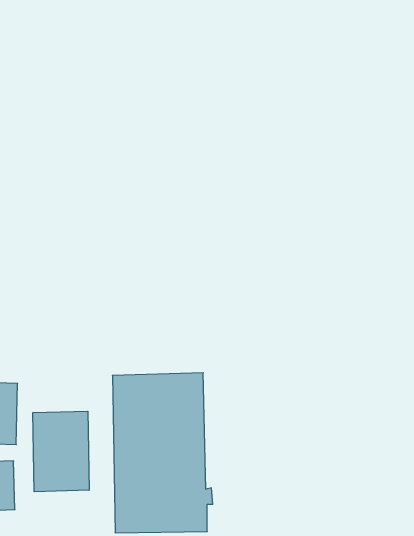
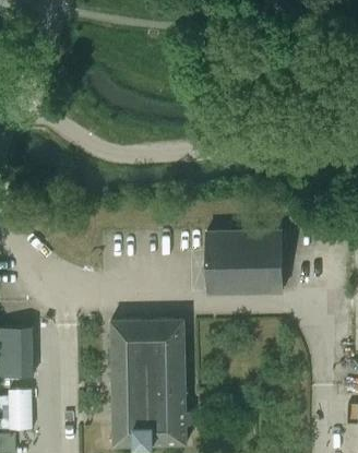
building: none -> [205,231,282,296]
building: [33,411,89,492] -> none

